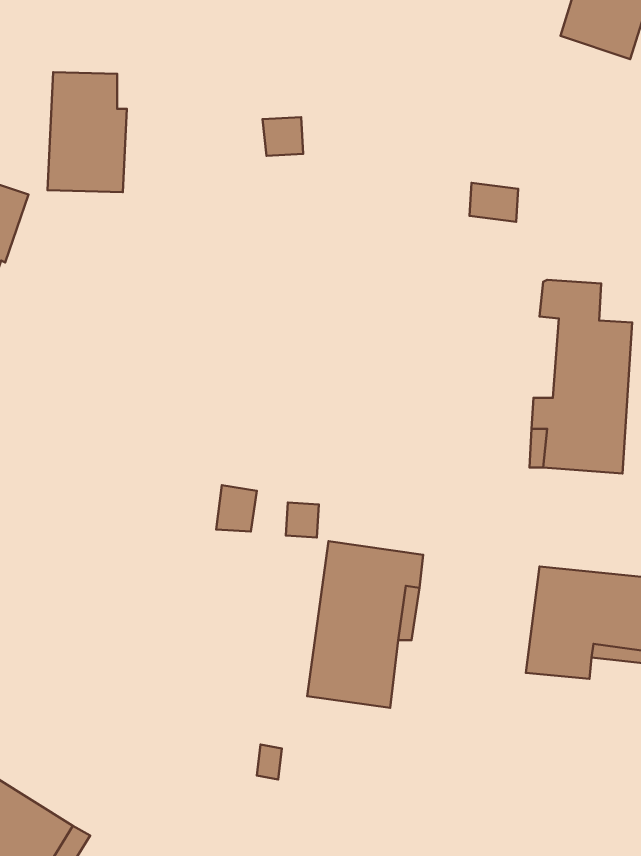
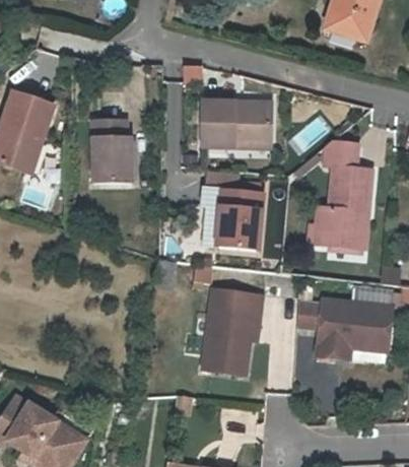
building: [47,72,127,192] -> [89,120,131,183]
building: none -> [200,104,270,149]
building: none -> [216,192,261,247]

